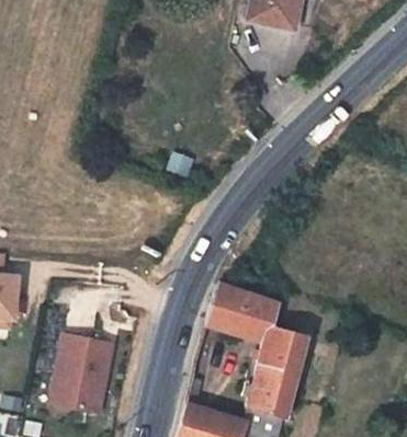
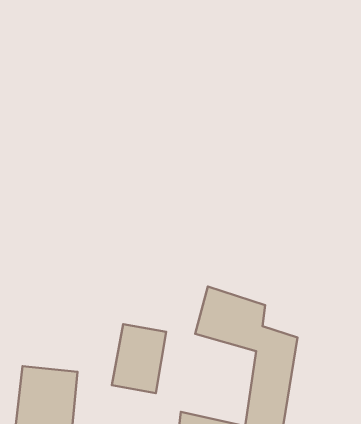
building: none -> [112,324,166,393]

